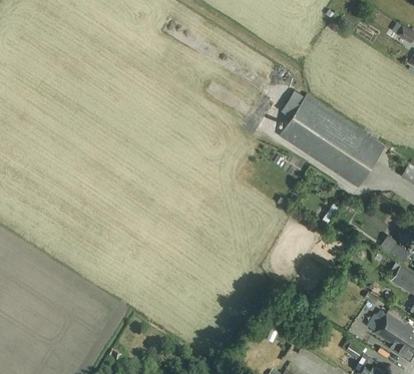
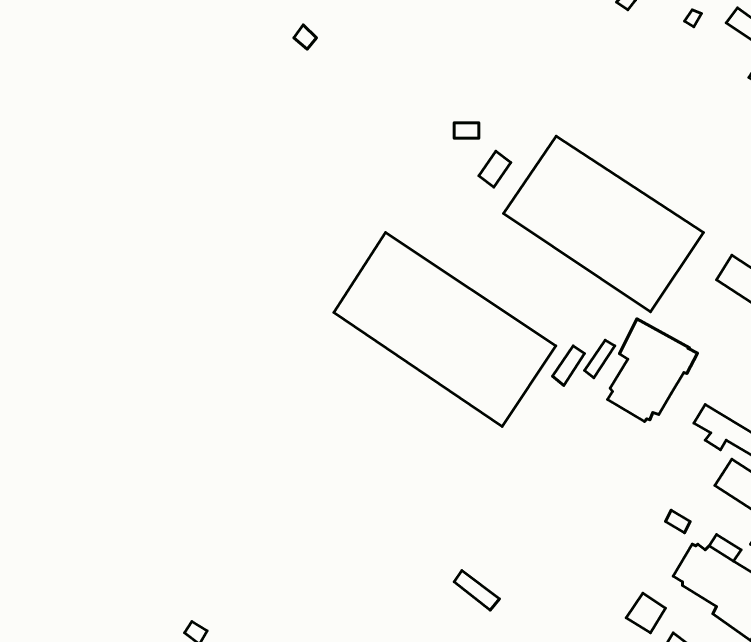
building: none -> [334,232,556,427]
building: none -> [608,319,698,422]

